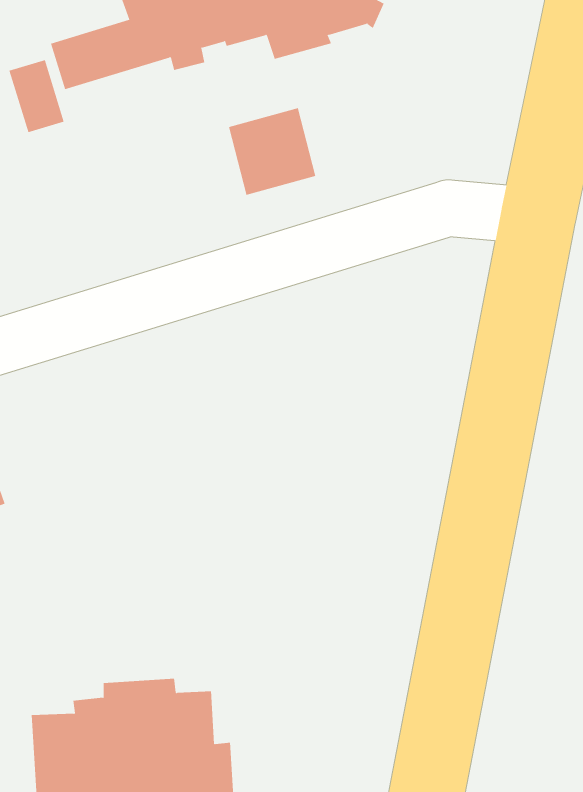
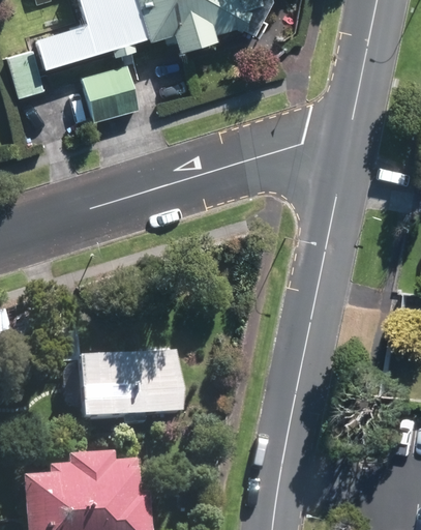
building: [228,108,316,195] -> [83,64,140,121]
building: none -> [47,307,183,424]

